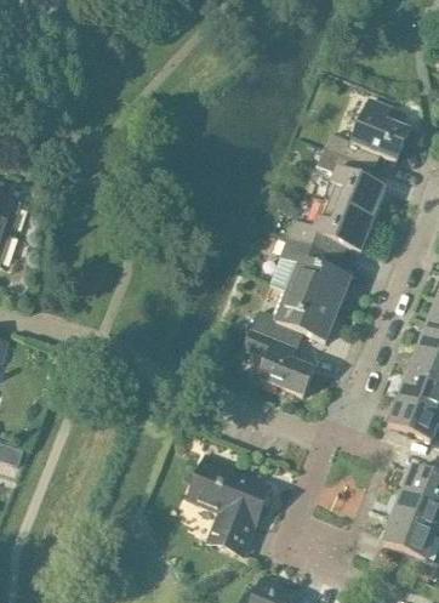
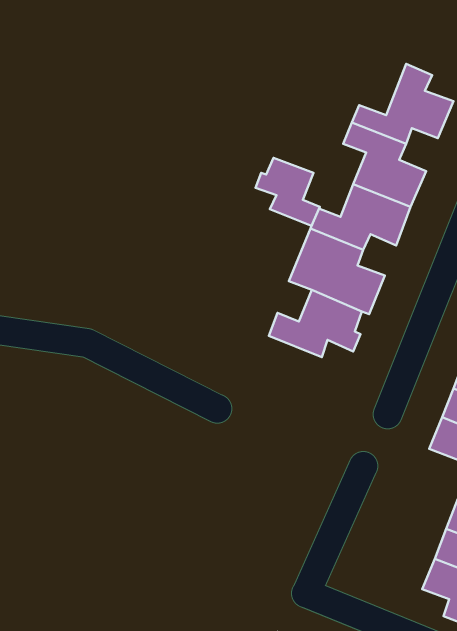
building: none -> [256,158,320,226]
building: [244,326,314,393] -> none
building: [190,455,266,551] -> none

